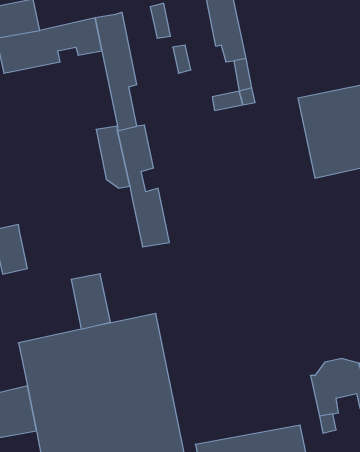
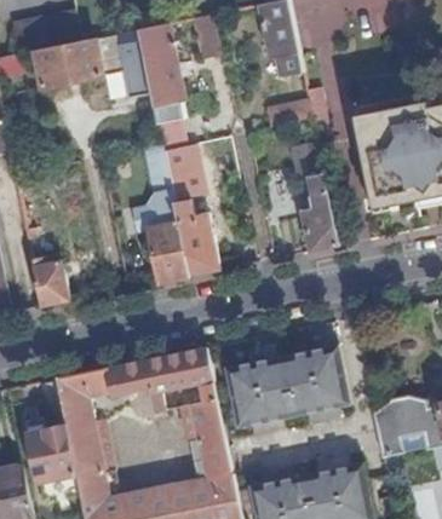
building: none -> [293,143,338,252]
building: [71,274,110,329] -> [149,224,191,283]
building: none -> [223,347,348,428]

